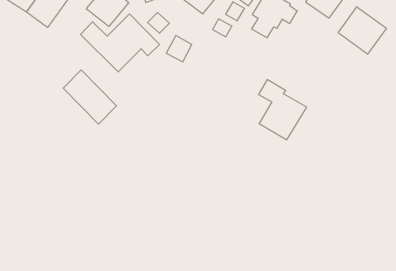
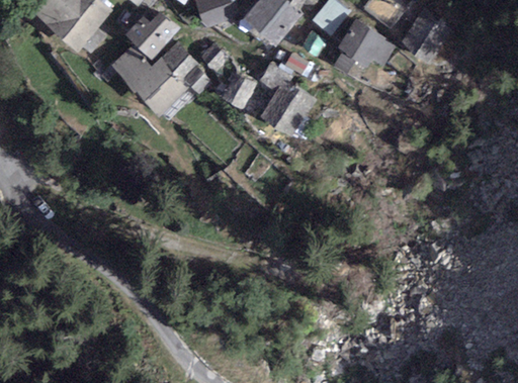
building: [338,7,386,54] -> none
building: [63,70,116,124] -> none
building: [258,80,307,140] -> [256,64,317,140]

